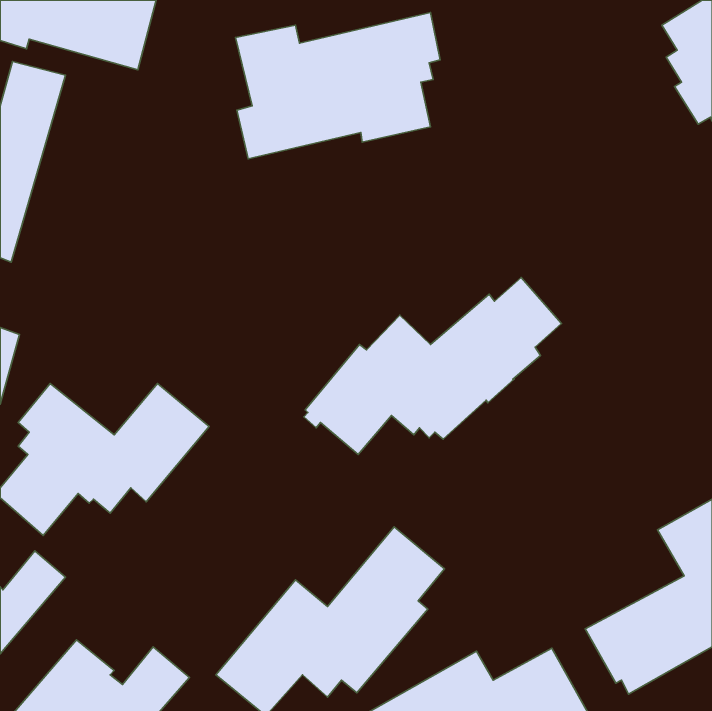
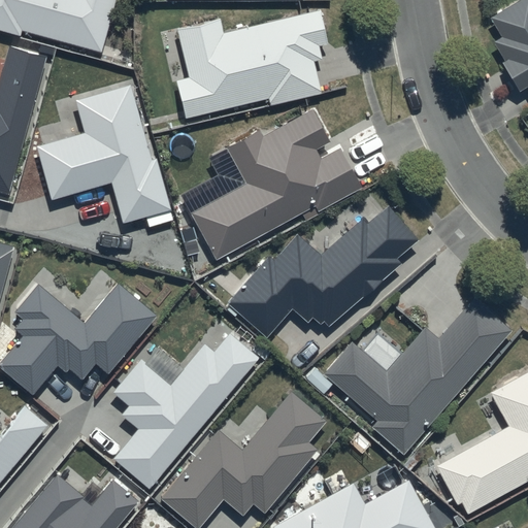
building: none -> [36,86,171,225]
building: none -> [189,109,361,260]
building: none -> [323,298,509,453]
building: none -> [113,335,259,489]

